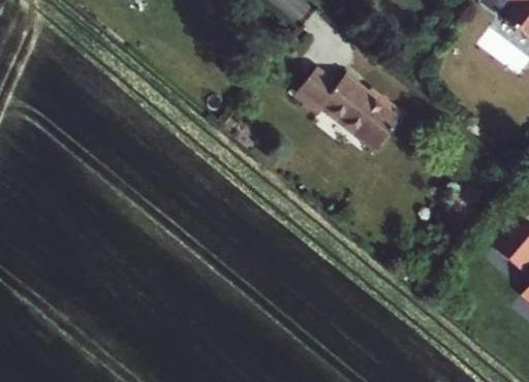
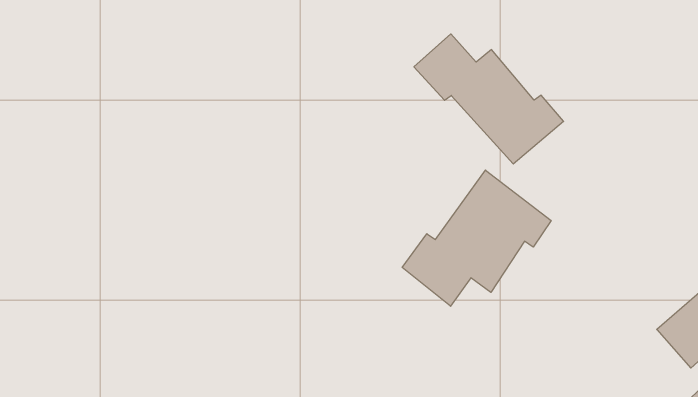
building: none -> [402,170,551,306]

